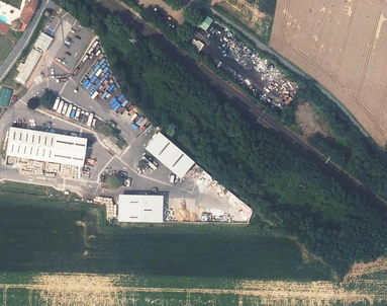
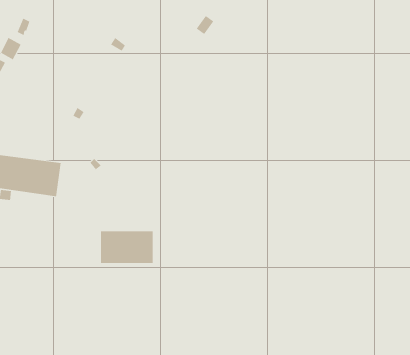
building: [144,132,195,178] -> none

